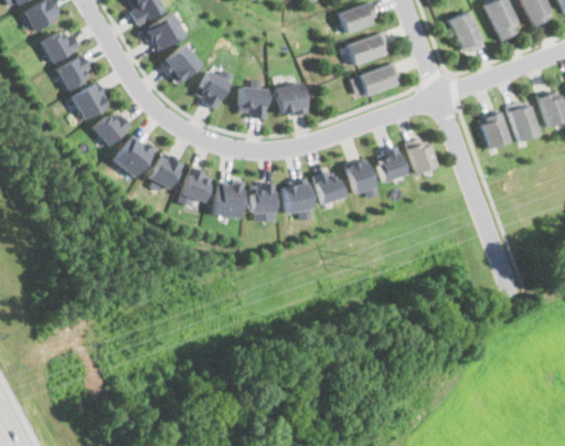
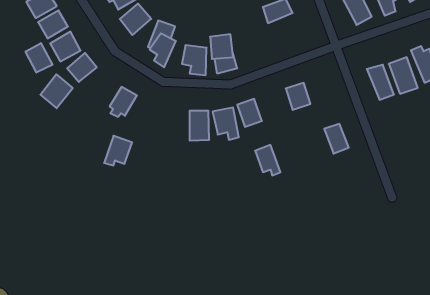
building: [352,65,395,99] -> none
building: none -> [26,43,53,73]
building: [113,131,154,176] -> [40,74,73,108]
building: [406,134,438,172] -> [324,124,349,154]
building: [347,157,380,197] -> [255,145,281,175]
building: [178,164,214,203] -> [104,136,132,165]
building: [213,179,245,216] -> none

